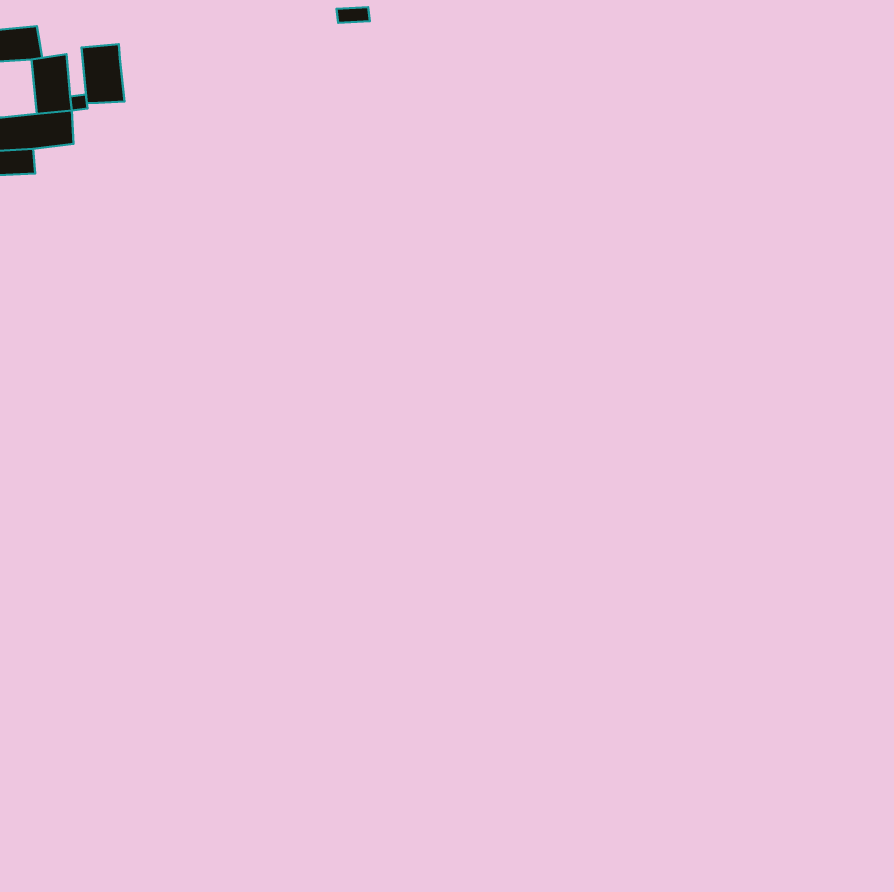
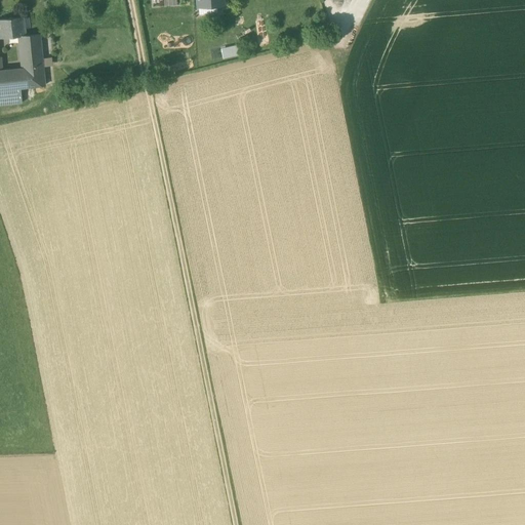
building: [82,44,125,103] -> none

